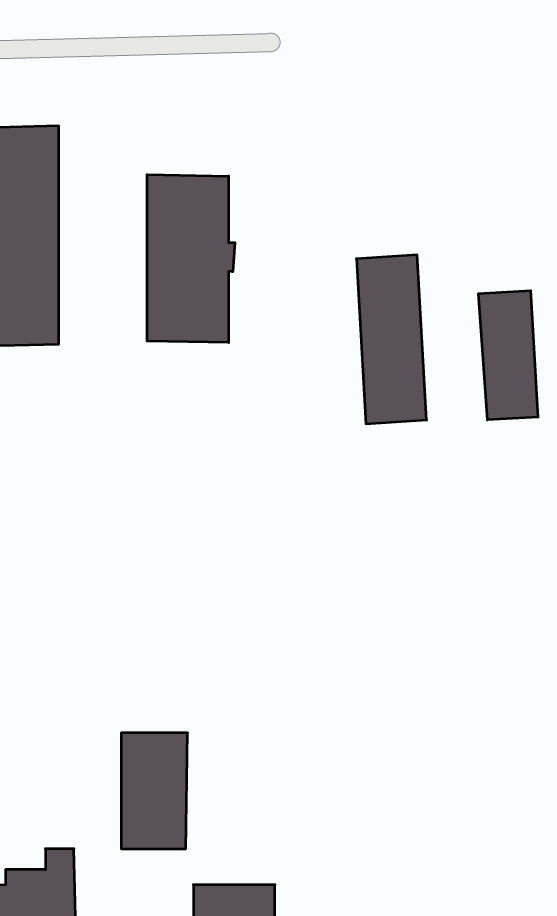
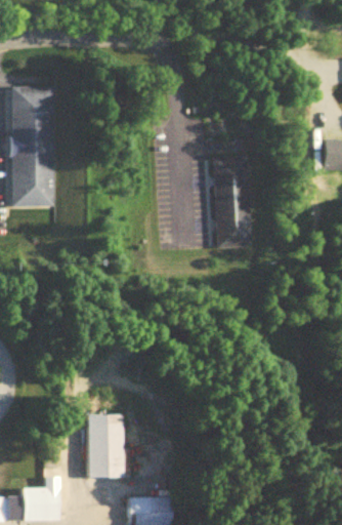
building: [147,175,235,343] -> none
building: [479,291,538,420] -> none

